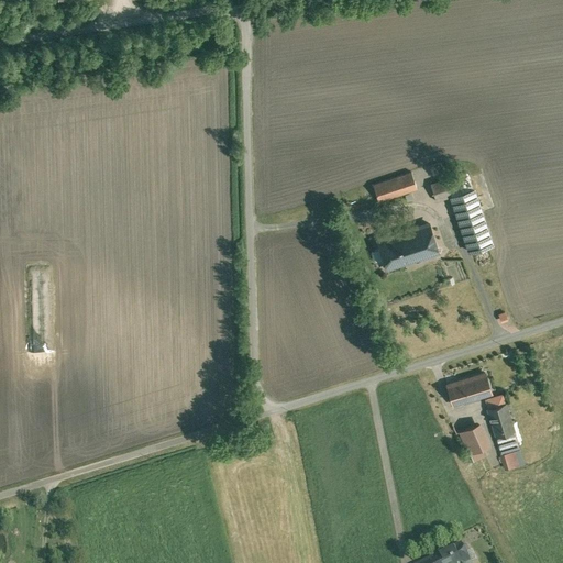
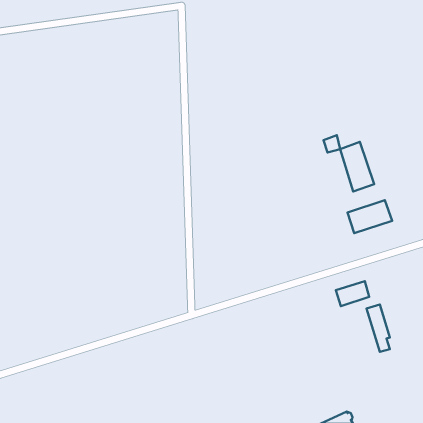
building: [369,176,416,205] -> none
building: [378,224,438,268] -> [347,200,392,233]
building: [460,424,489,455] -> none

